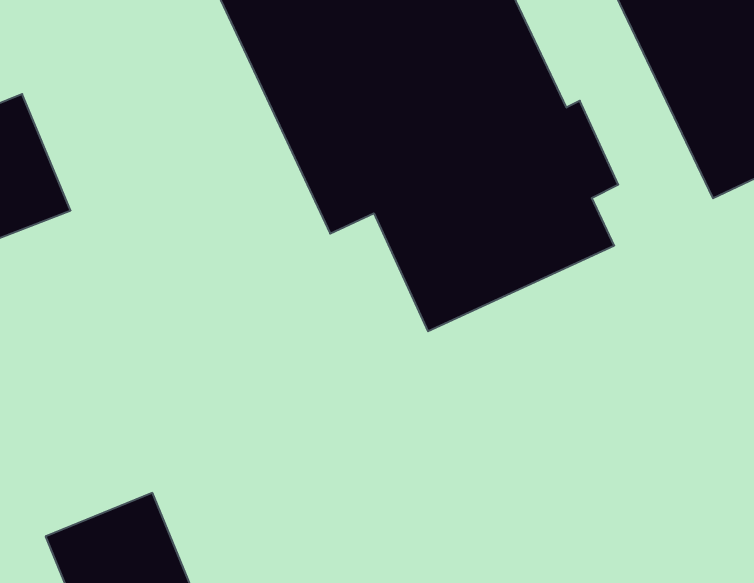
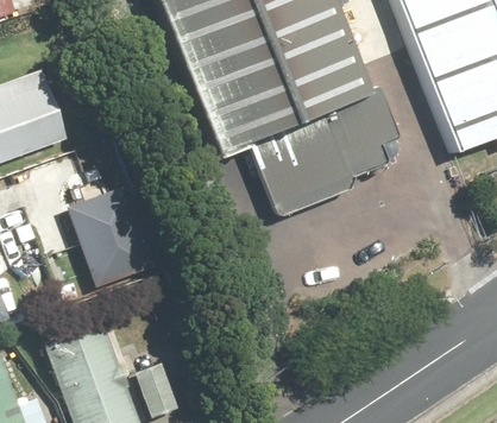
building: none -> [68,189,155,288]

